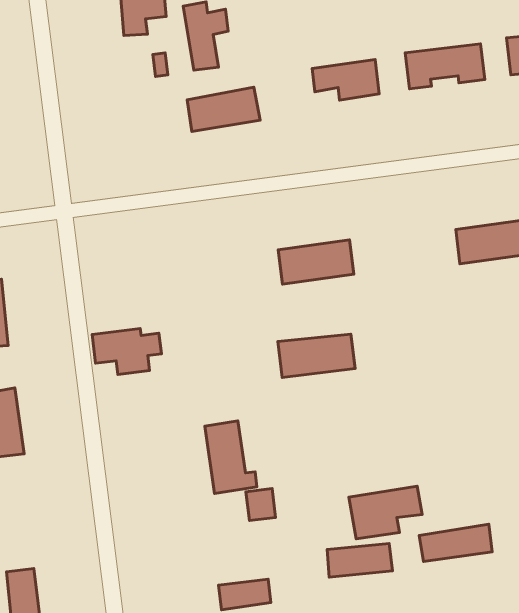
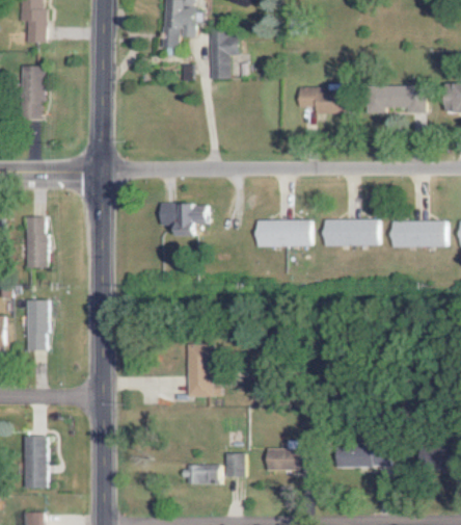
building: [187,87,260,132] -> none
building: [92,329,161,375] -> [158,203,208,235]
building: [278,334,355,377] -> [323,218,378,245]
building: [349,486,422,539] -> none
building: [246,489,276,521] -> [223,454,243,476]

